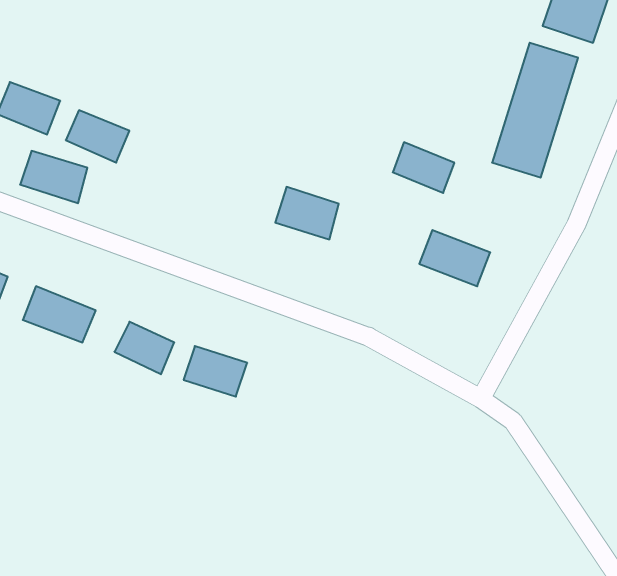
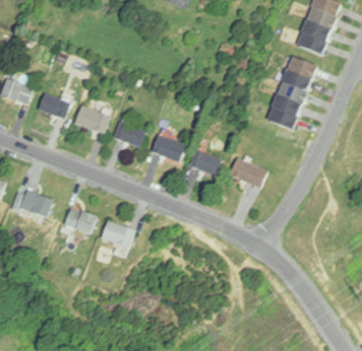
building: [393,142,454,193] -> [188,148,222,176]
building: [20,151,87,203] -> [73,104,110,133]
building: none -> [113,120,145,147]

